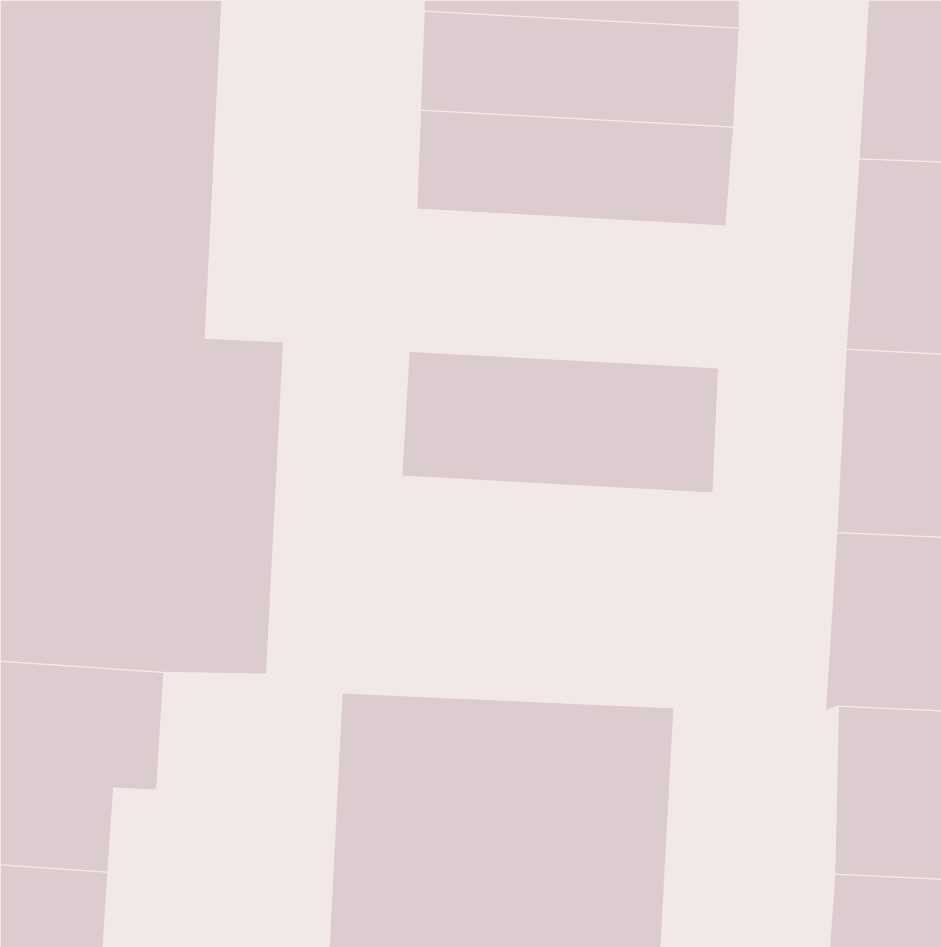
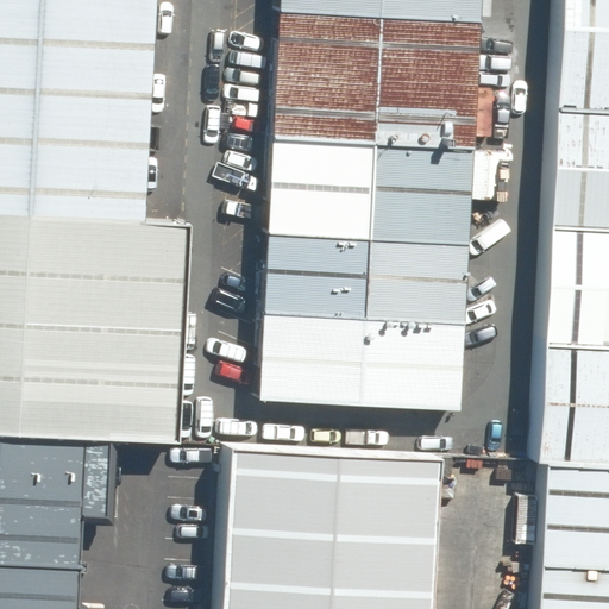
building: none -> [269,138,471,239]
building: none -> [259,308,463,407]

